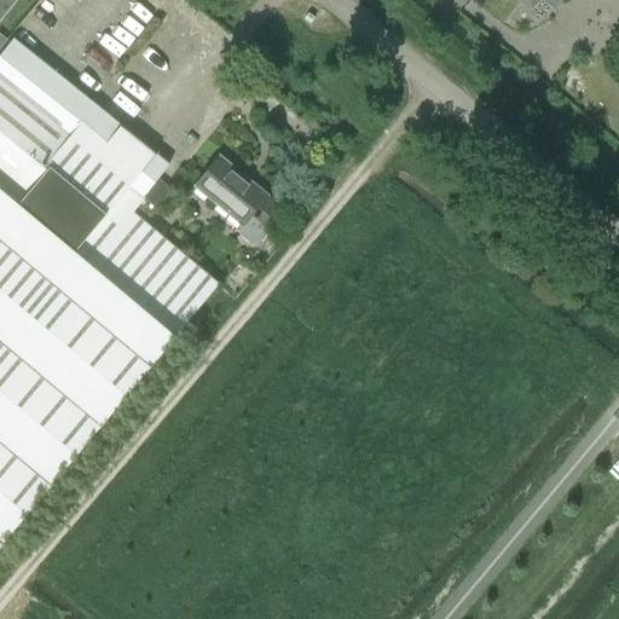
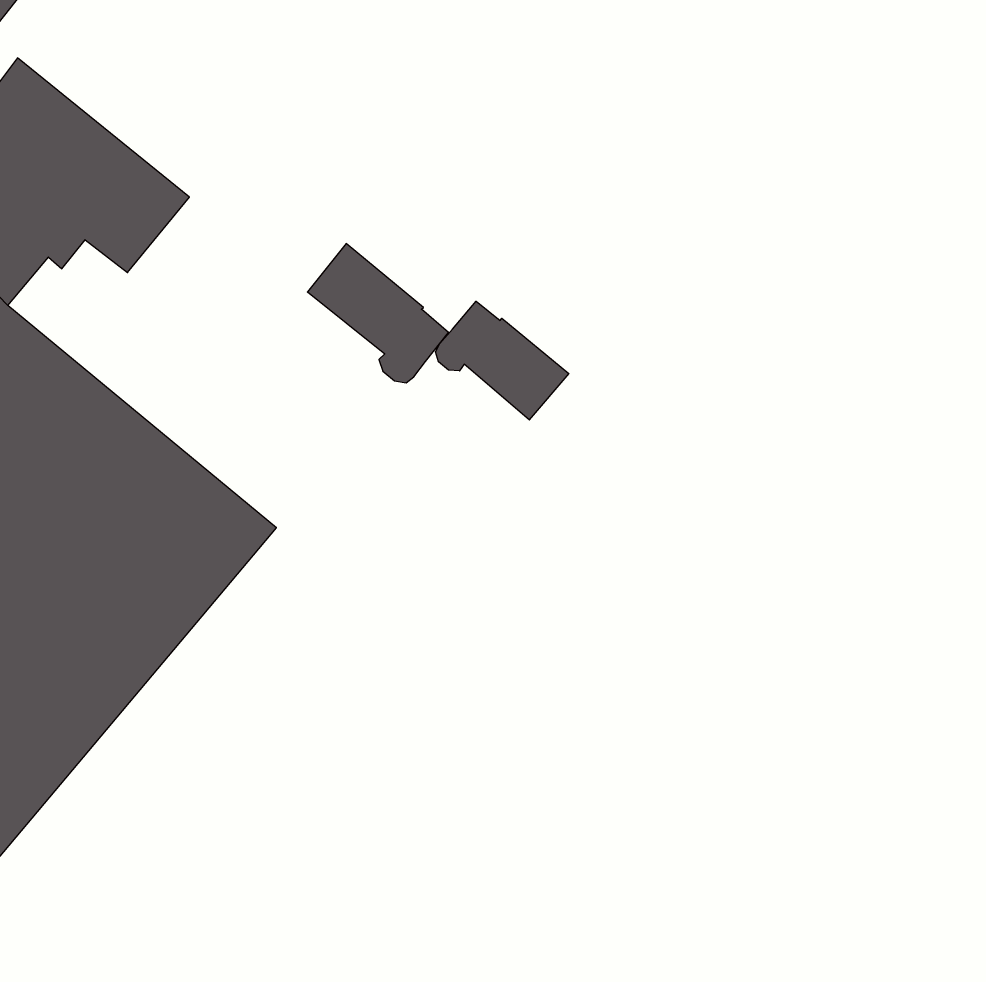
building: [5,123,215,330] -> none
building: none -> [435,301,569,420]

